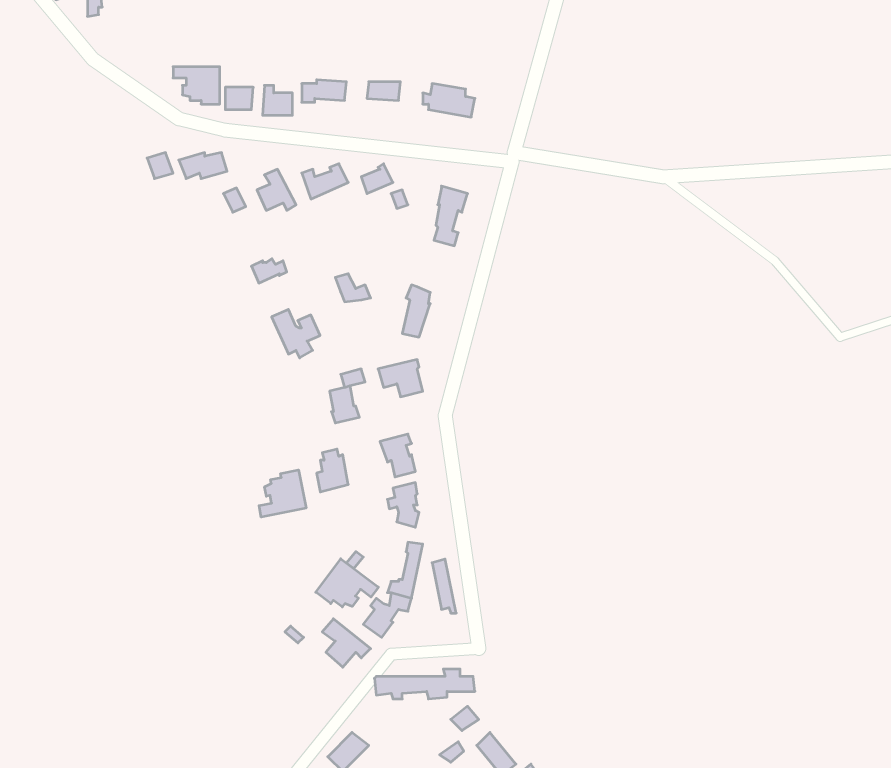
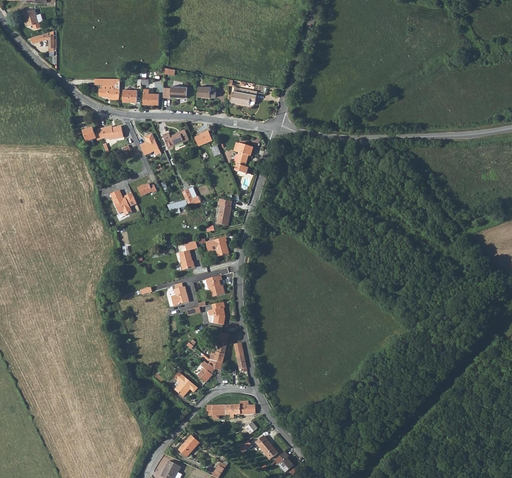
building: [272,309,320,358] -> [109,188,135,214]
building: [259,470,306,517] -> none
building: [316,559,378,607] -> none

